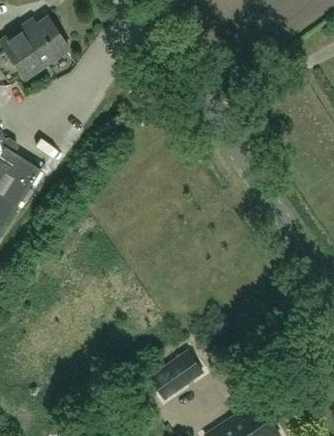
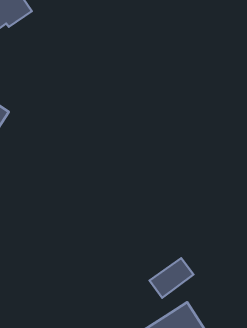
building: [150,352,203,400] -> [150,258,193,298]

